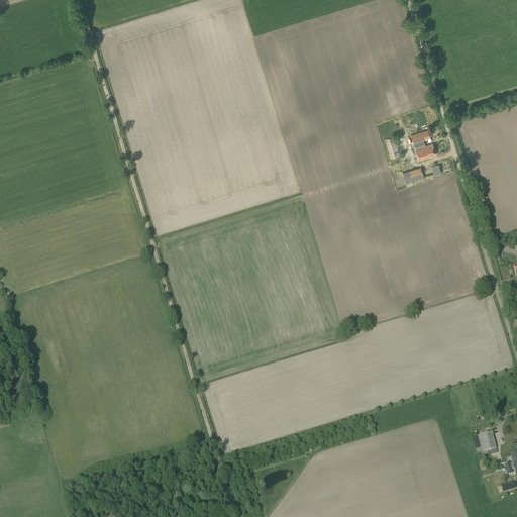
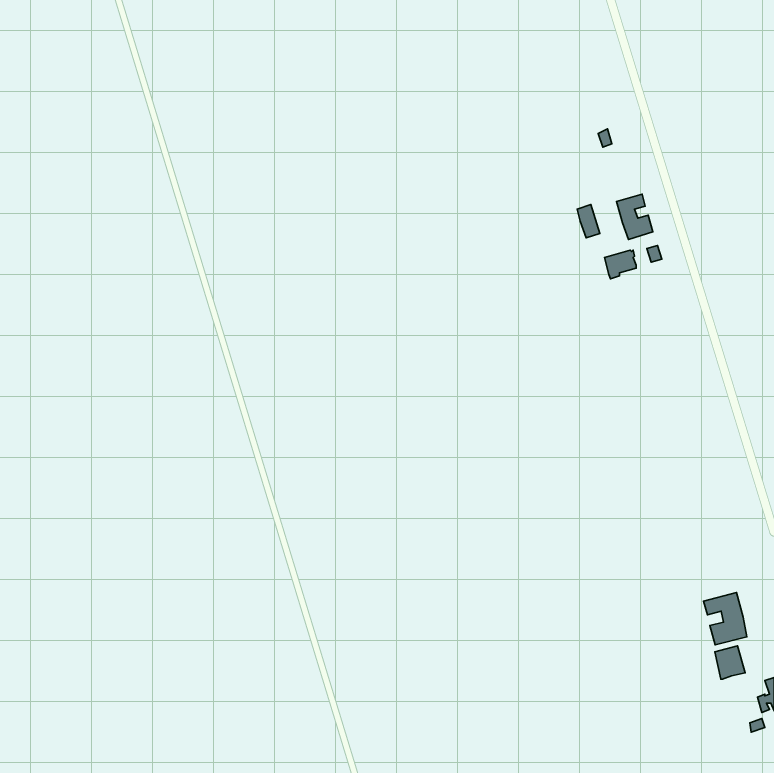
building: none -> [703,593,747,645]

